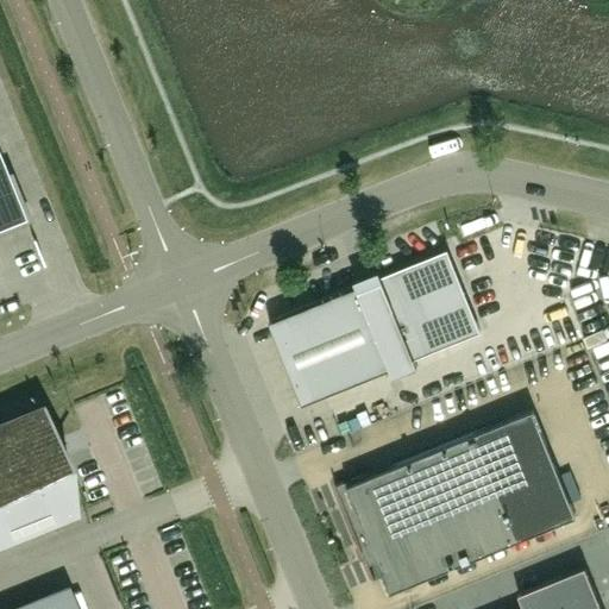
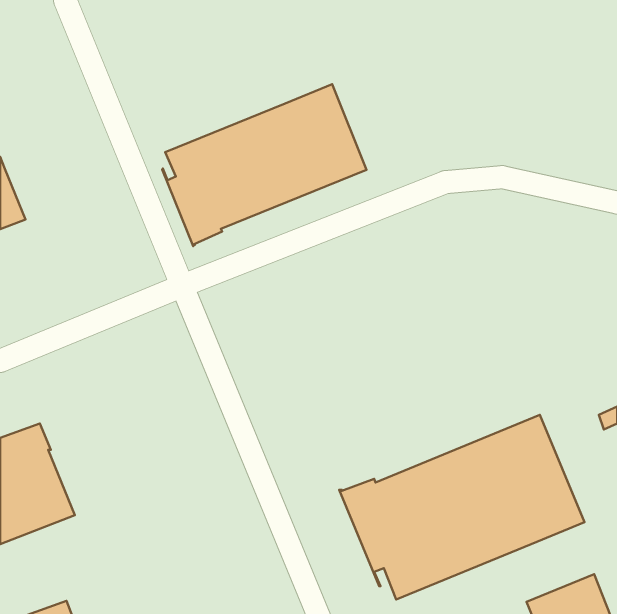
building: none -> [162,84,367,246]
building: [269,251,481,406] -> none

